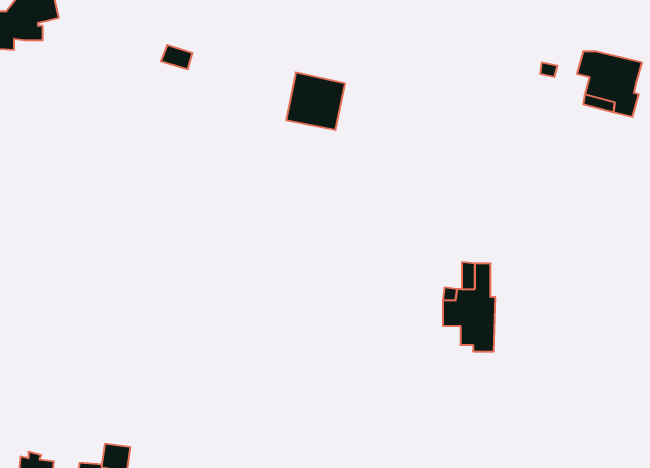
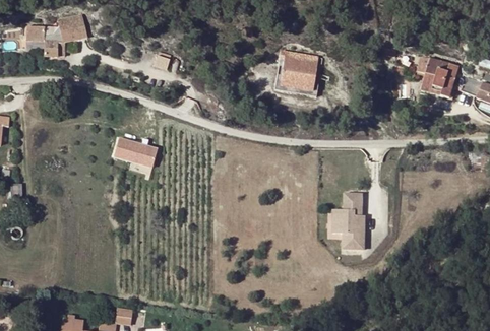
building: [286,72,345,130] -> [281,61,318,97]
building: none -> [114,137,158,167]

